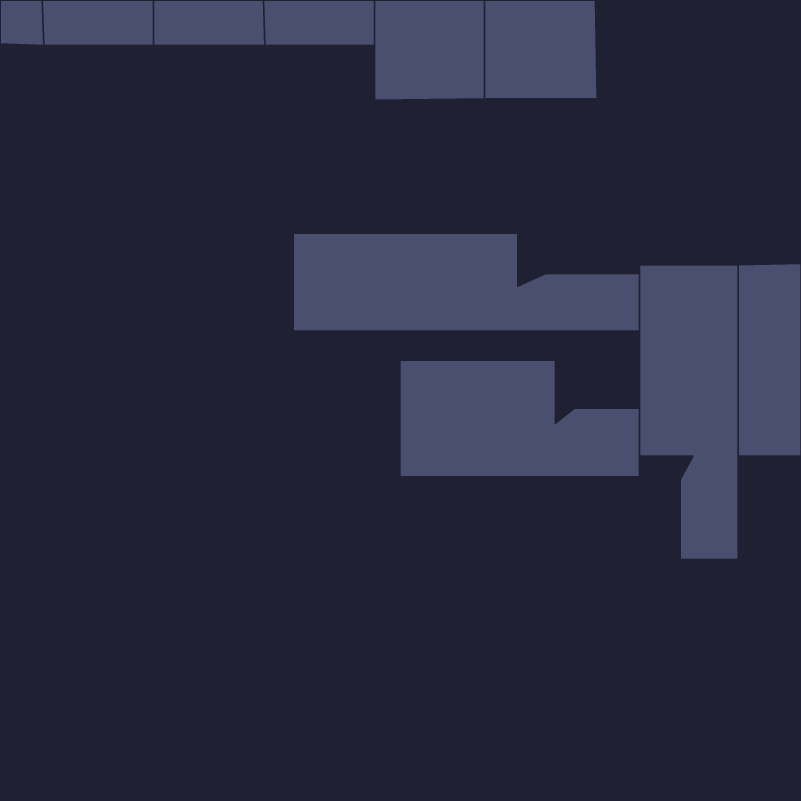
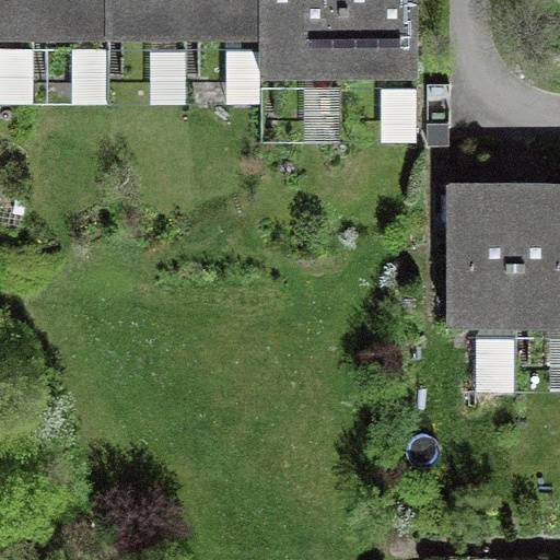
building: [293,233,640,331] -> none
building: [400,360,640,477] -> none

